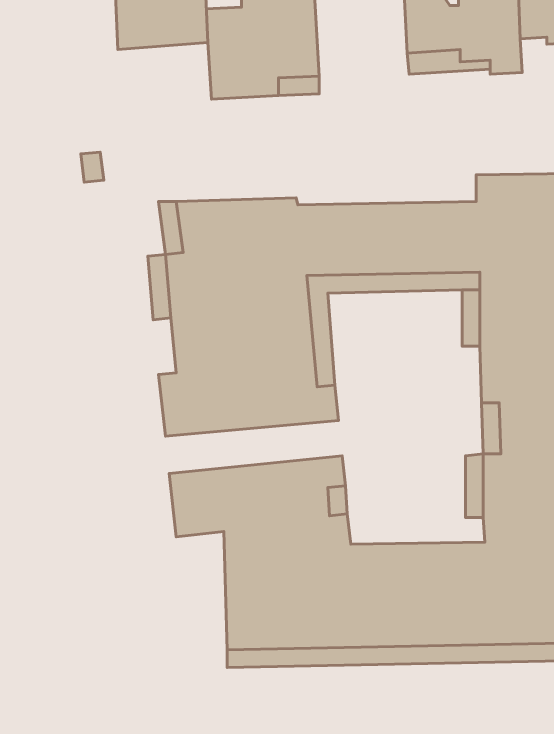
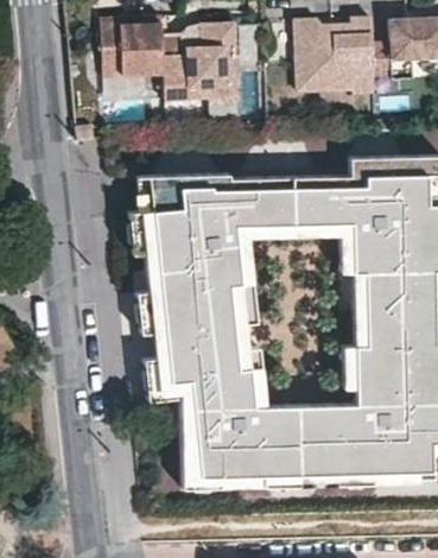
building: none -> [142,325,261,361]

